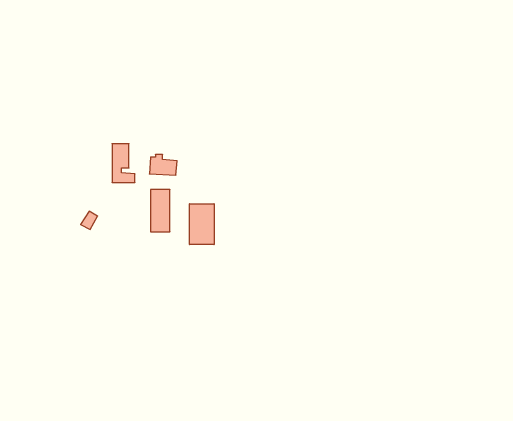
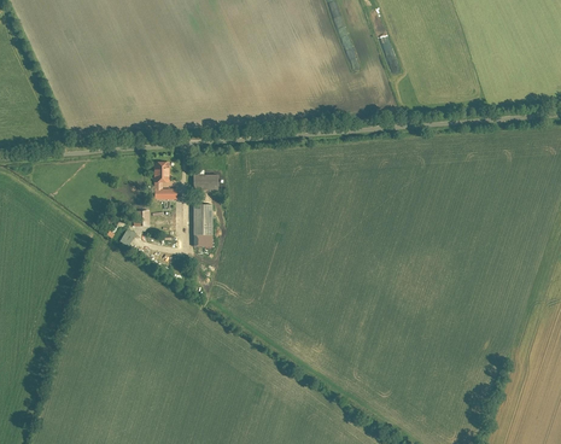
building: [190,204,214,245] -> none

